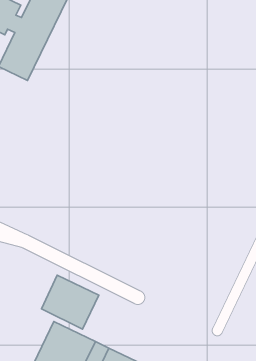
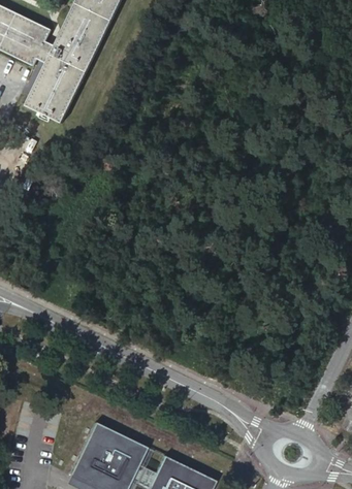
building: [42,275,99,329] -> none

